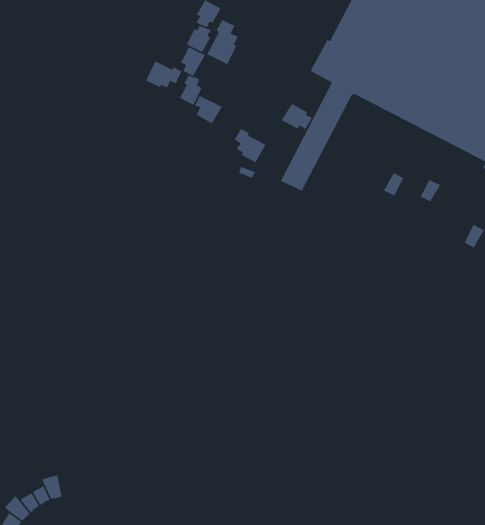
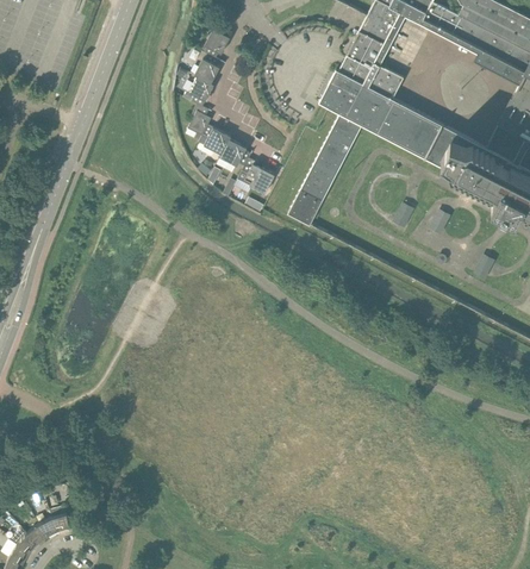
building: [206,19,239,65] -> none
building: [145,60,182,88] -> none
building: [281,103,313,130] -> [218,140,250,168]

